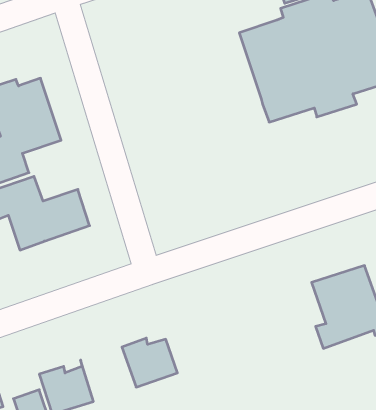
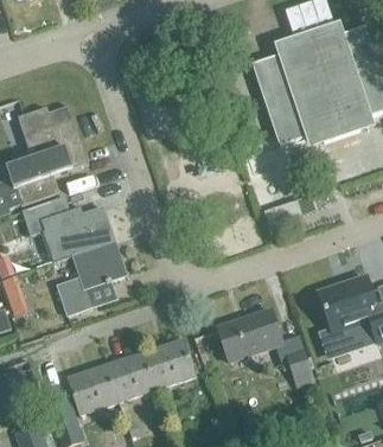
building: none -> [55,241,126,315]
building: none -> [217,309,315,389]
building: none -> [106,352,157,402]

